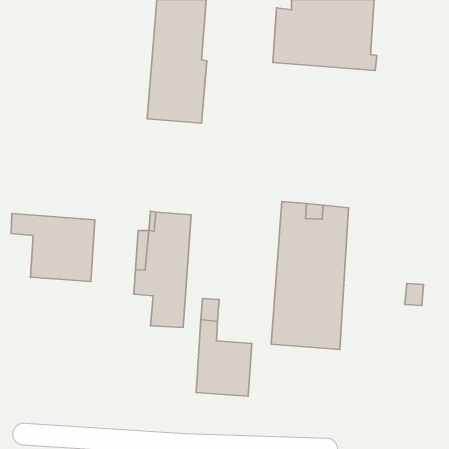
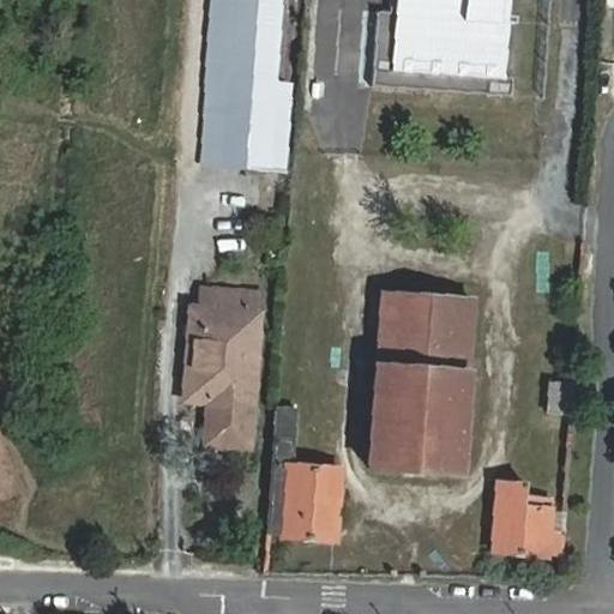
building: [11,213,95,281] -> none
building: none -> [496,484,566,555]

